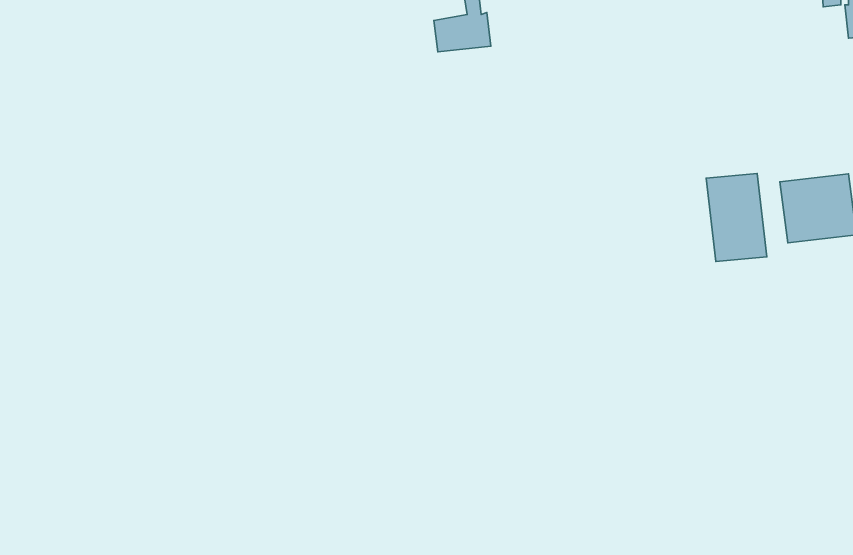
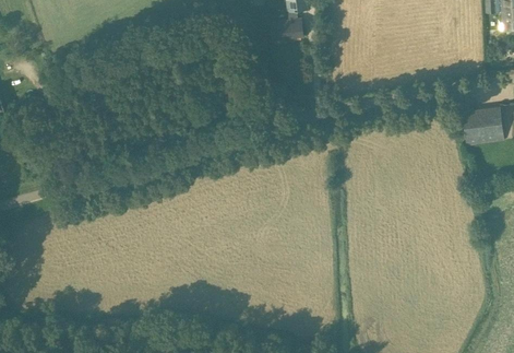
building: [706,173,767,261] -> none

